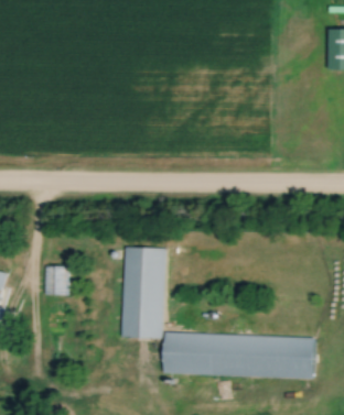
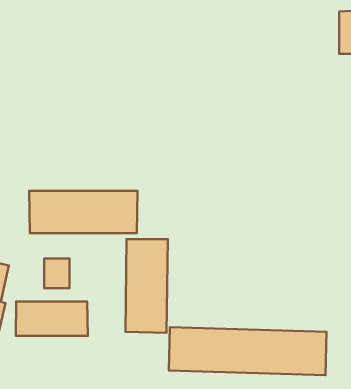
building: none -> [29,191,137,233]
building: none -> [16,302,88,336]

